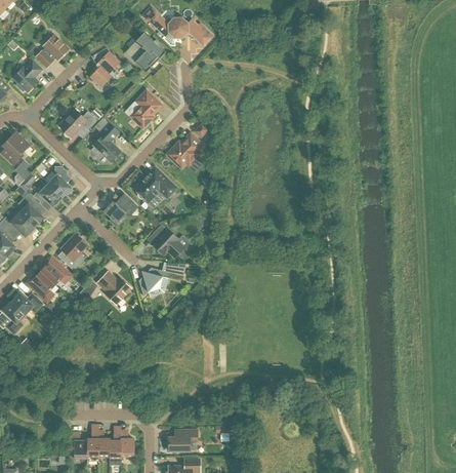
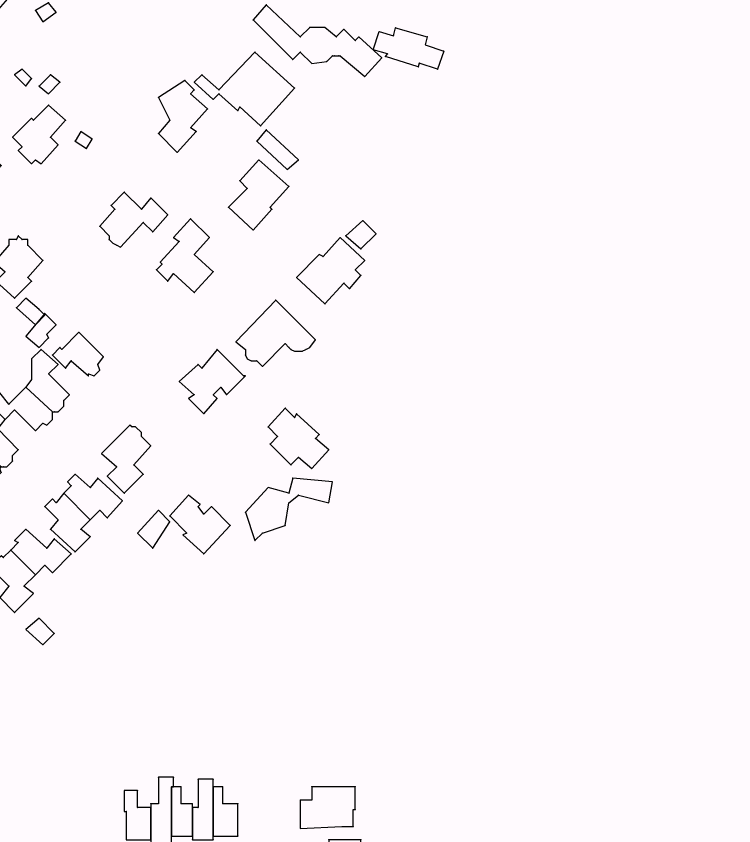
building: none -> [373,28,444,69]
building: [36,34,68,67] -> none
building: [48,165,72,196] -> none

